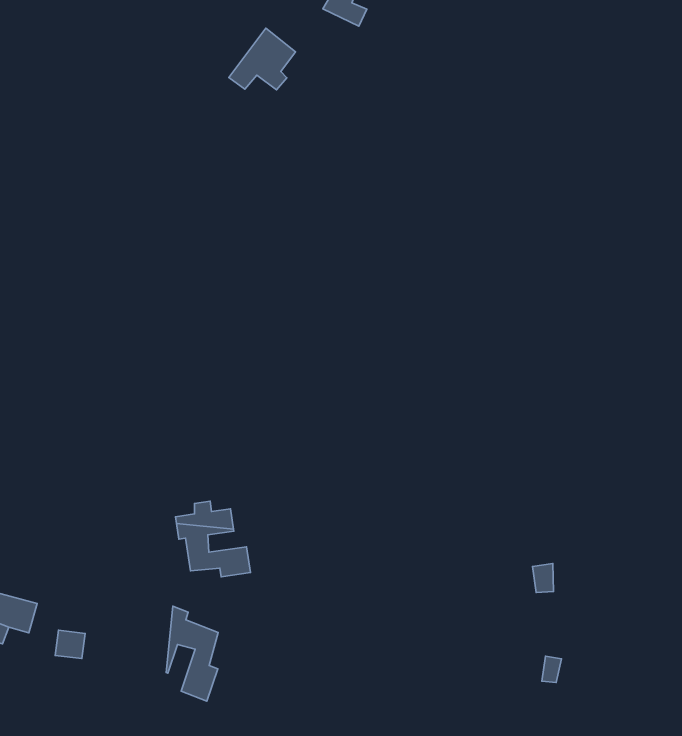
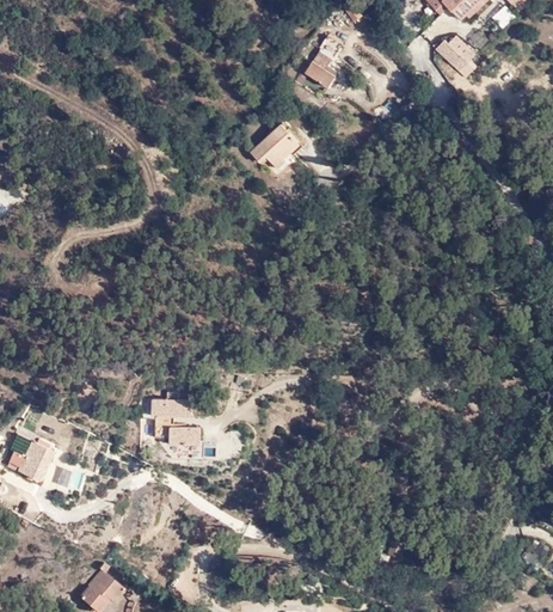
building: [229,28,296,90] -> [252,122,300,165]
building: [166,606,218,701] -> none

